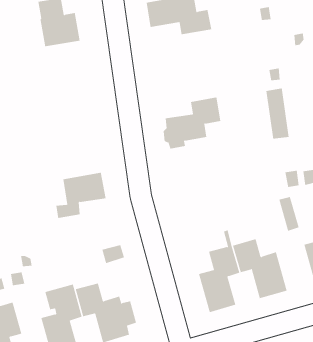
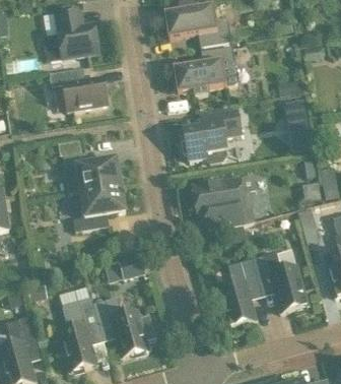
building: none -> [174,44,238,93]
building: none -> [50,67,108,109]
building: none -> [64,149,121,191]
building: none -> [193,176,256,228]

